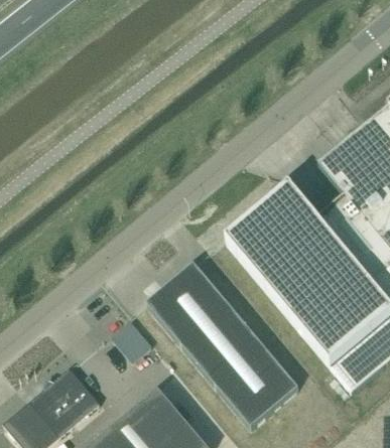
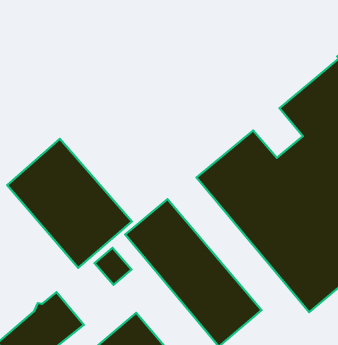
building: none -> [7,139,132,268]

